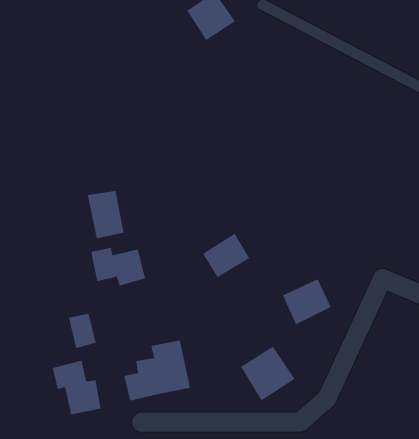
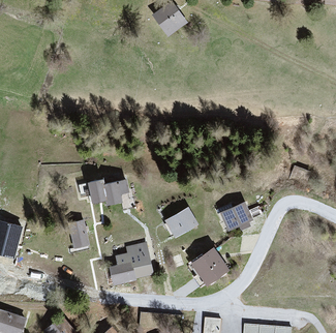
building: [87,190,124,239] -> none
building: [202,233,250,278] -> [164,205,197,236]
building: [52,360,101,415] -> none

